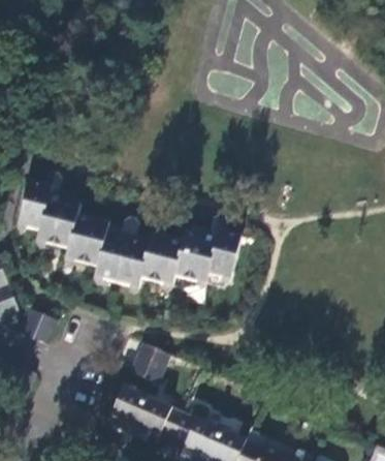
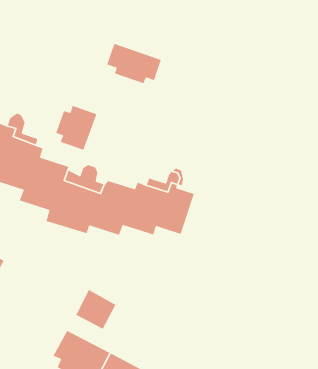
building: none -> [106,43,162,84]
building: none -> [55,105,97,151]

